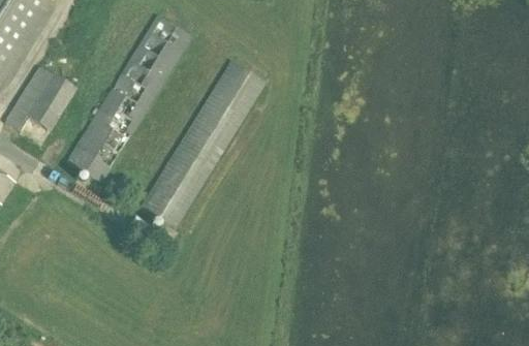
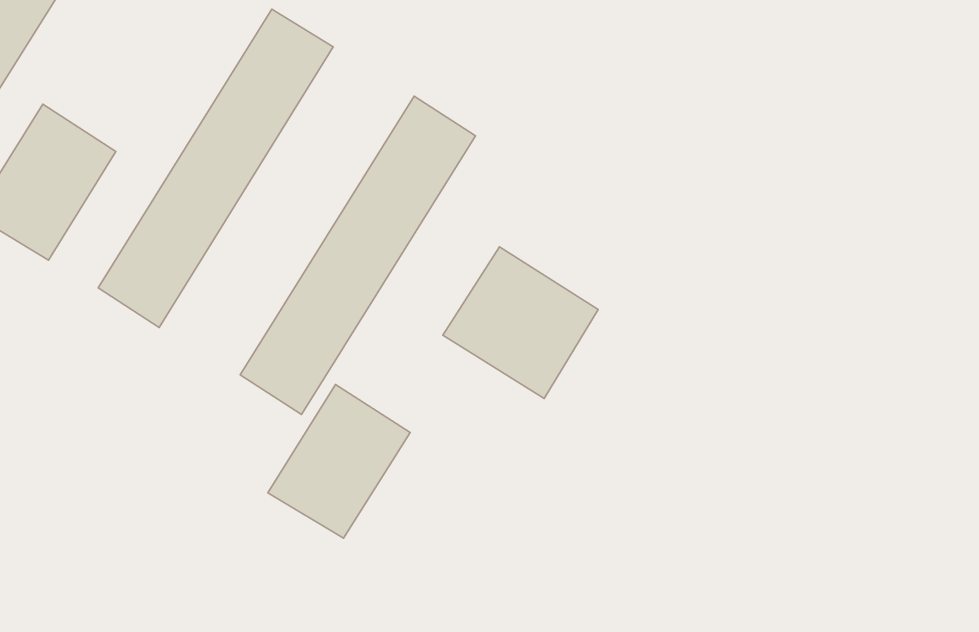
building: none -> [443,247,598,398]
building: none -> [268,385,410,538]

